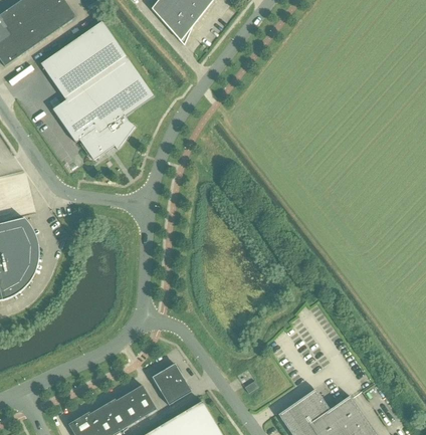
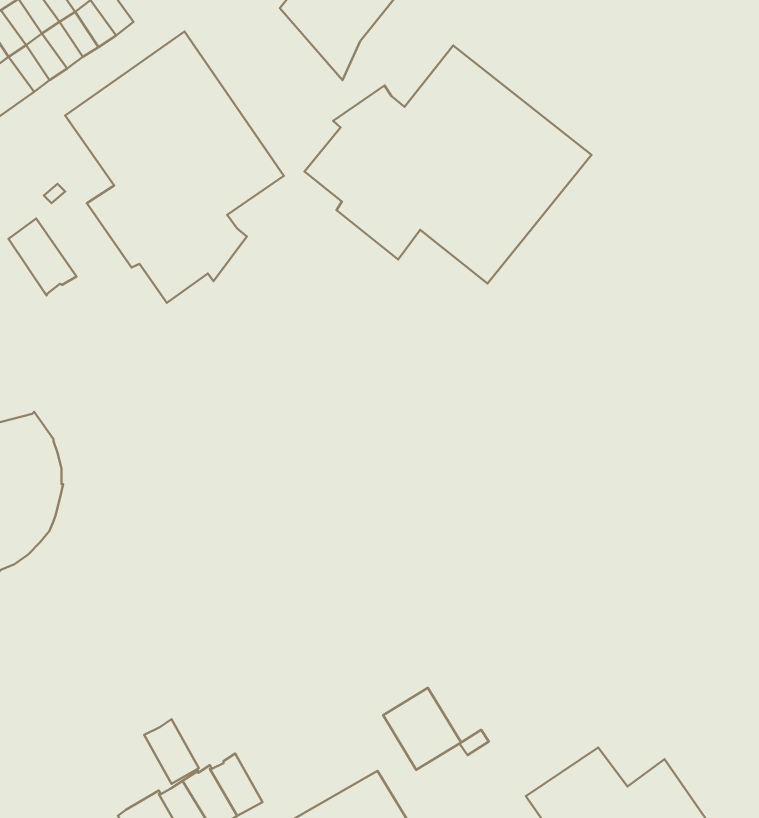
building: none -> [304,46,591,283]
building: none -> [8,219,77,295]
building: [151,363,191,405] -> [383,688,461,770]
building: [128,384,156,417] -> [144,719,199,784]

